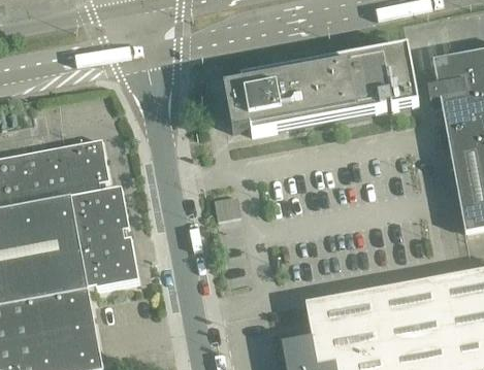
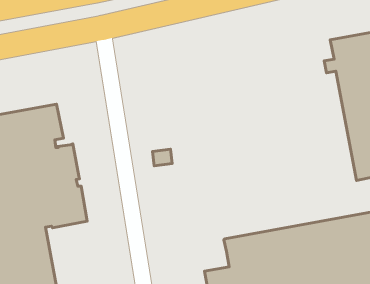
building: [215,44,418,133] -> none

